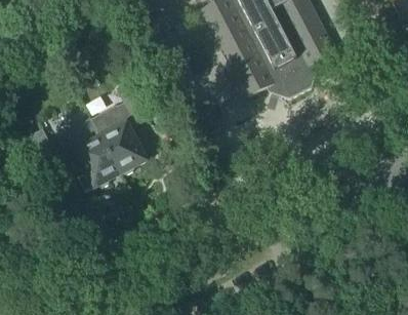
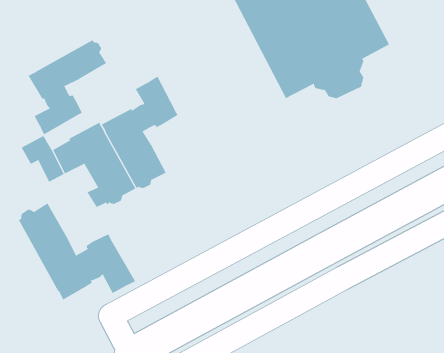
building: none -> [28,40,107,135]
building: none -> [18,203,136,300]

